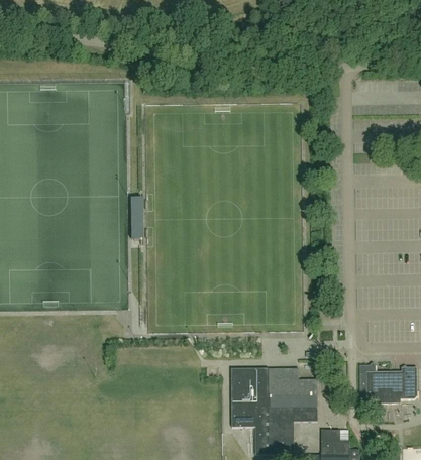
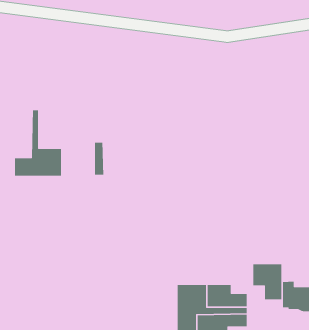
building: none -> [14,109,62,177]
building: none -> [253,264,282,300]

